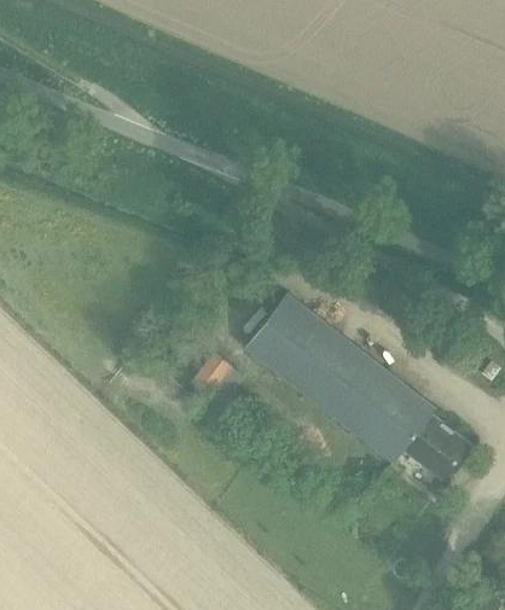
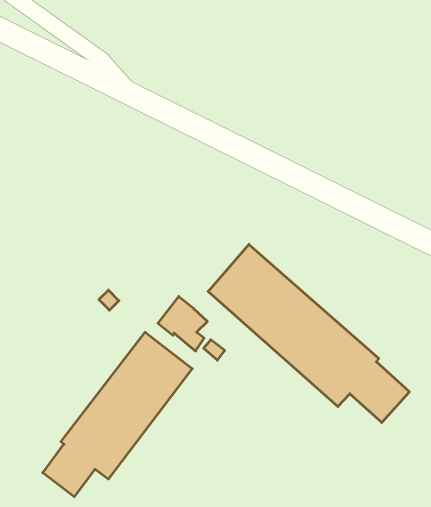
building: none -> [43,332,192,497]

